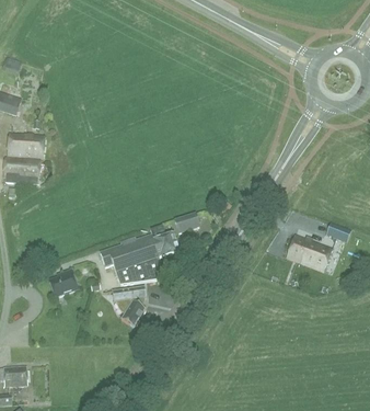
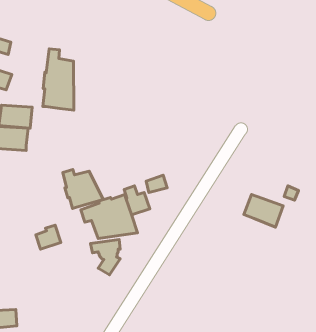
building: none -> [43,49,74,110]
building: none -> [63,170,103,209]

